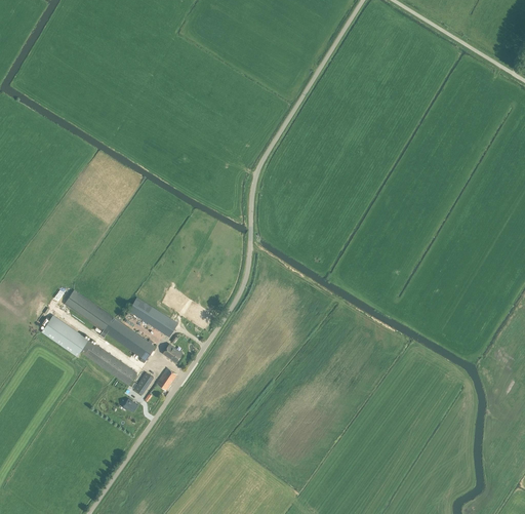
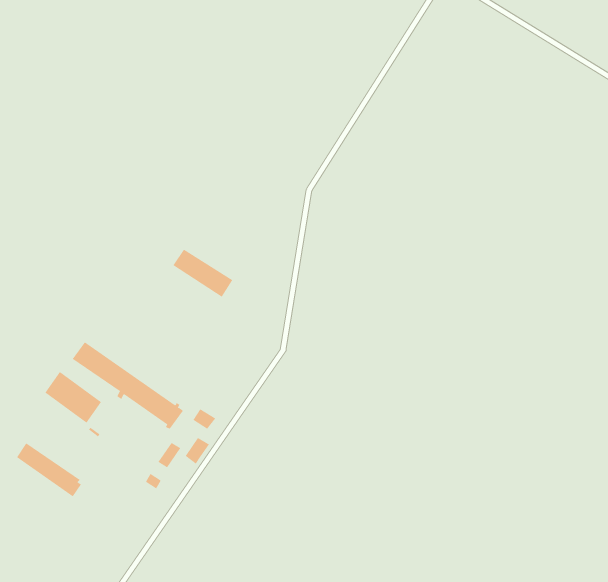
building: [128,298,178,338] -> [172,249,233,297]
building: [84,342,138,387] -> [16,442,82,497]

